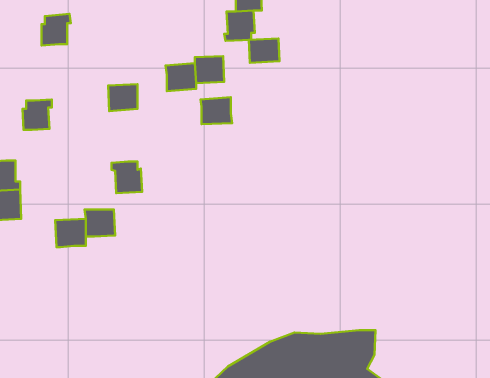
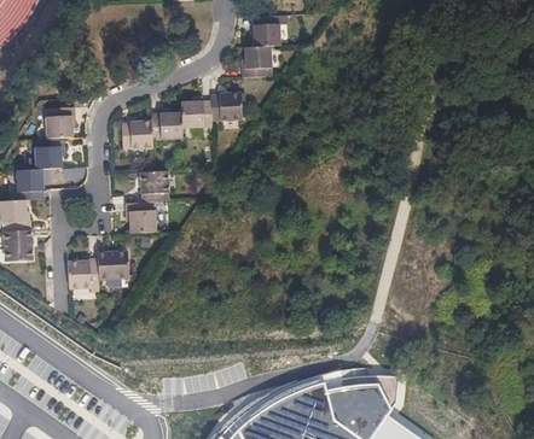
building: [41,14,71,45] -> [46,106,76,139]
building: [249,38,279,63] -> none
building: [200,97,232,124] -> [151,112,184,140]
building: none -> [16,169,45,200]
building: none -> [141,171,170,201]

